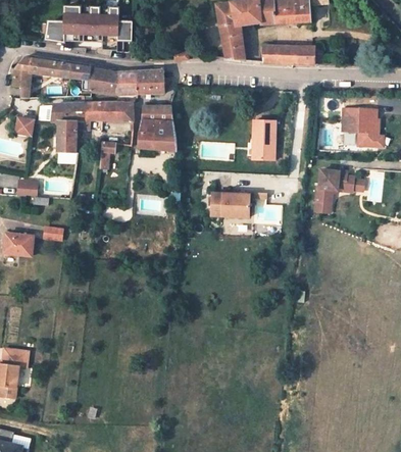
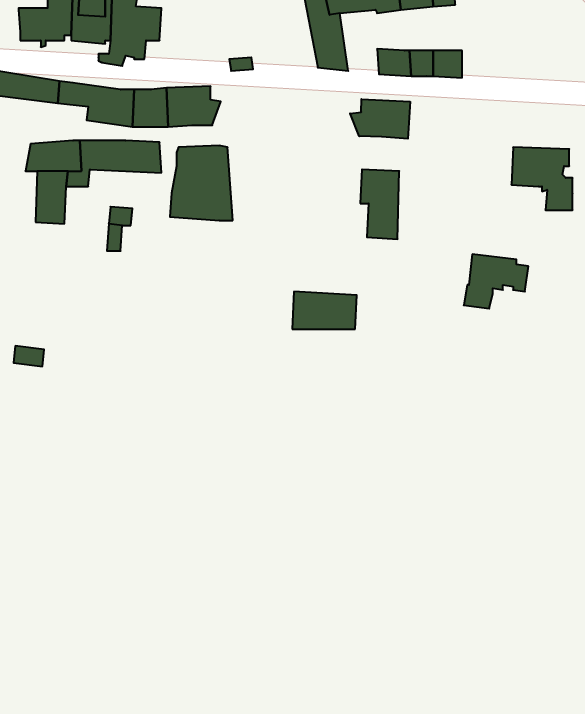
building: none -> [350,99,410,139]

